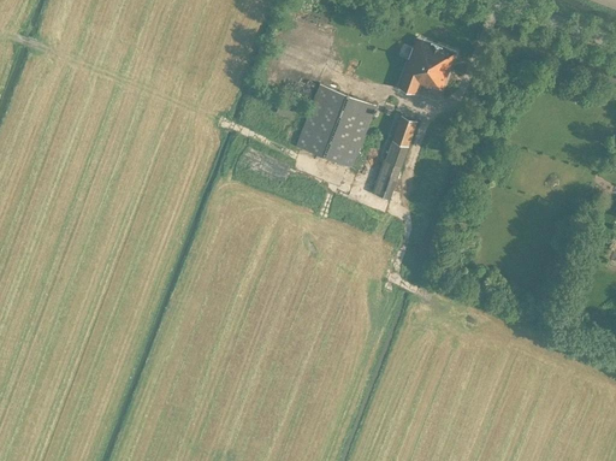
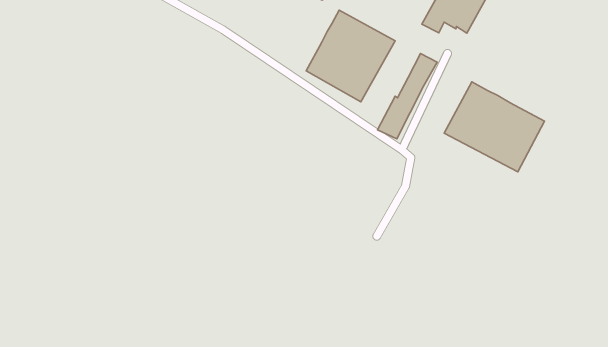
building: none -> [444,82,544,172]

